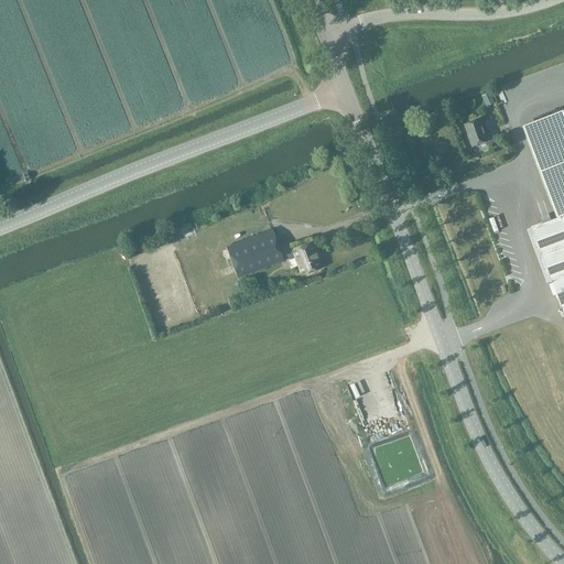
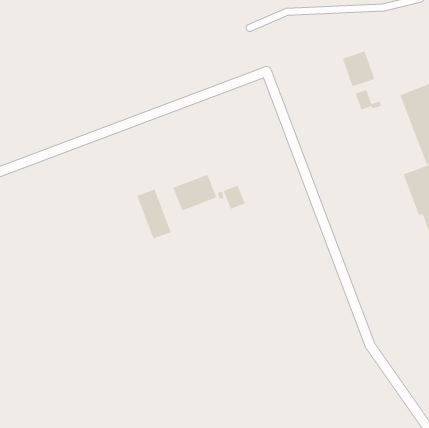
building: none -> [342,50,375,87]
building: none -> [137,189,172,239]

